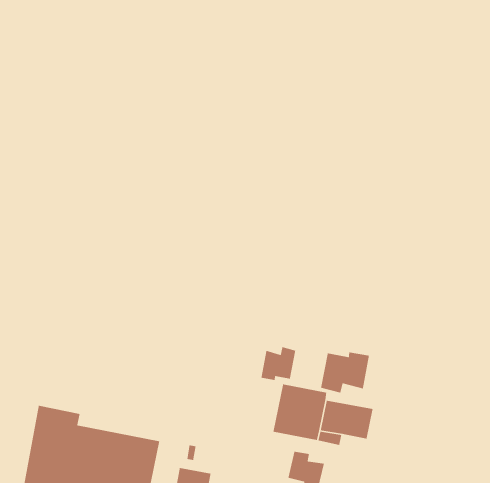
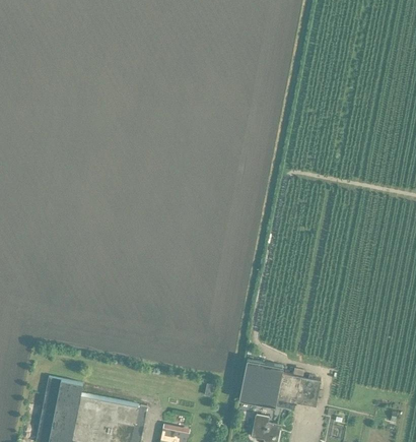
building: [261,346,296,381] -> none
building: [320,351,370,394] -> none

